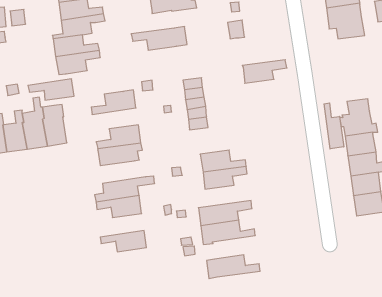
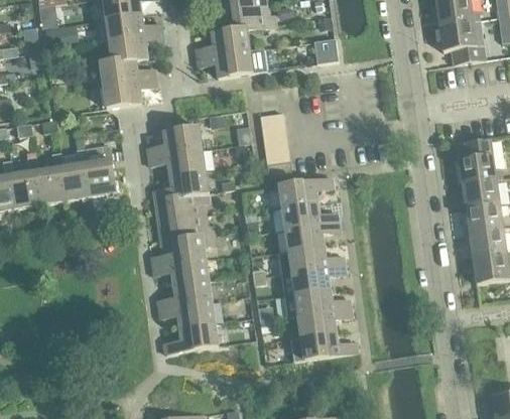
building: none -> [195,28,249,57]
building: [242,60,287,83] -> [278,177,334,206]
building: [28,79,74,100] -> [147,149,205,175]
building: [324,103,344,149] -> none
building: none -> [157,214,214,243]
building: none -> [276,245,345,273]
building: none -> [156,280,212,309]
building: none -> [296,307,351,336]
building: none -> [162,322,218,353]

